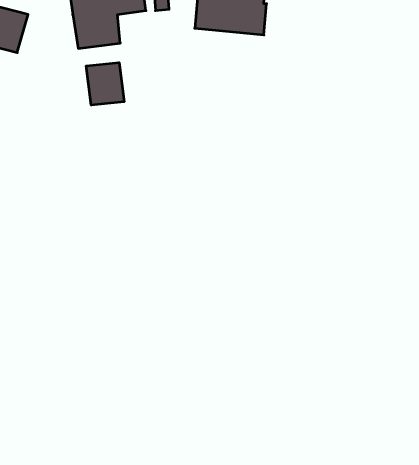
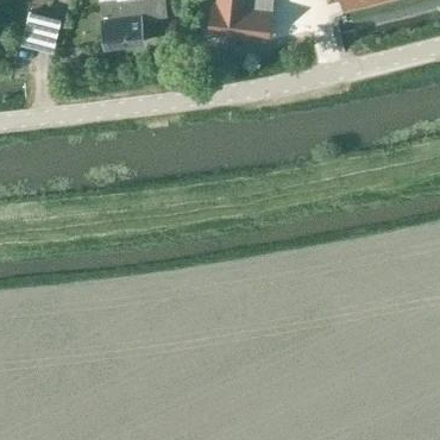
building: [86,63,124,105] -> none

